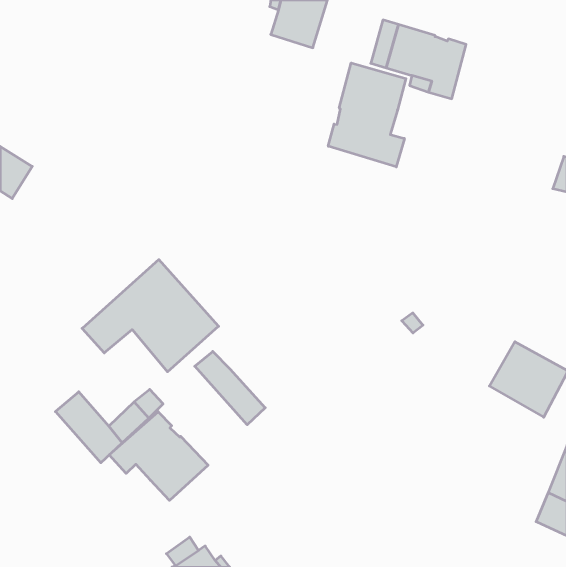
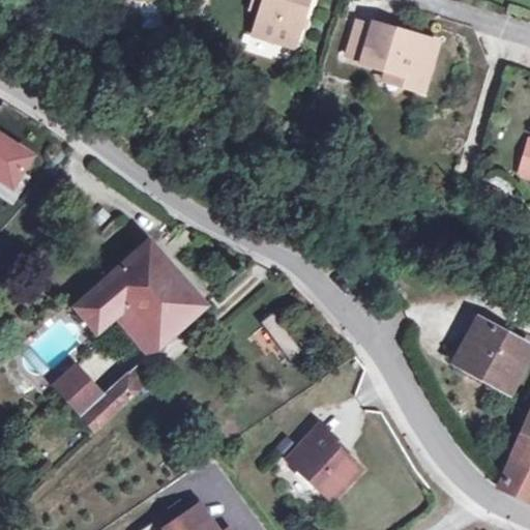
building: [328,63,406,167] -> none
building: [195,351,265,425] -> none
building: [109,412,208,500] -> none
building: none -> [283,423,357,499]

